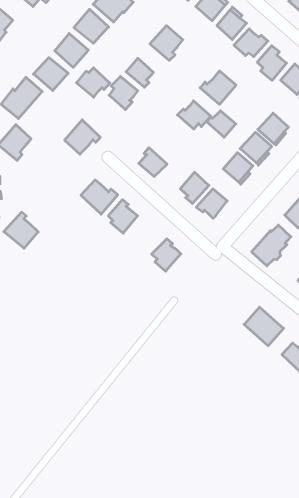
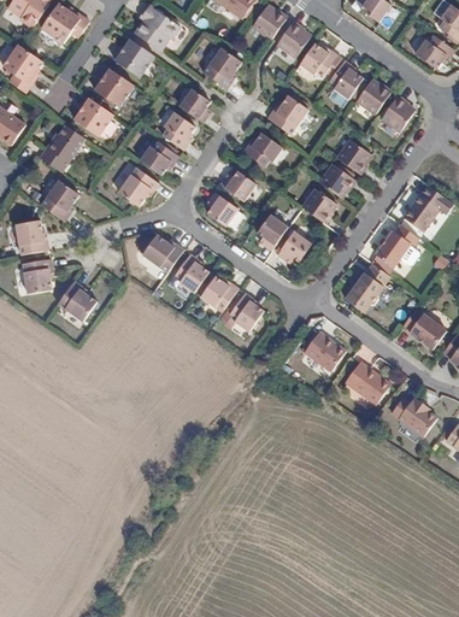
building: [76,68,110,97] -> [139,141,177,175]
building: [207,111,236,137] -> [219,169,253,199]
building: none -> [200,275,239,308]
building: none -> [305,333,346,372]

